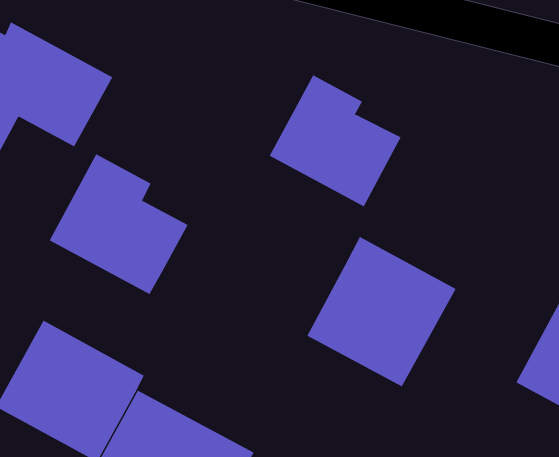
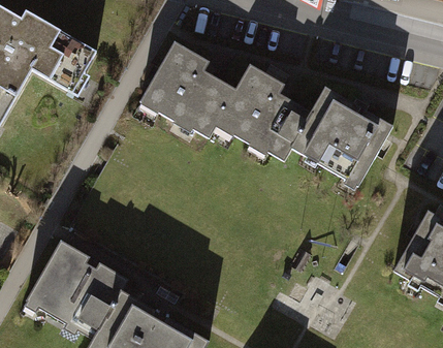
building: [49,153,189,295] -> [136,32,238,134]
building: [307,236,456,387] -> [288,83,397,192]

